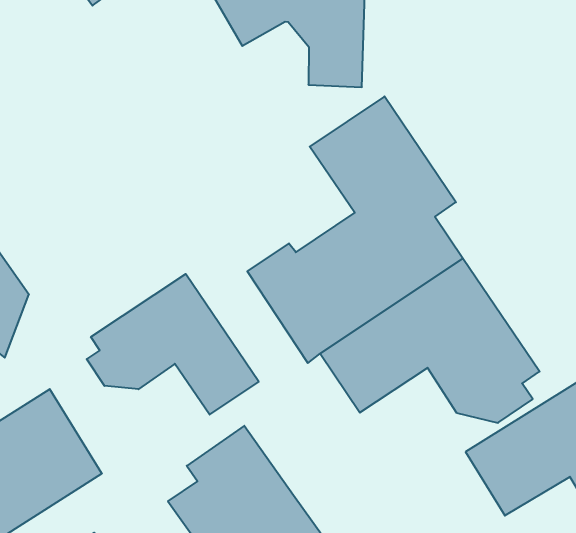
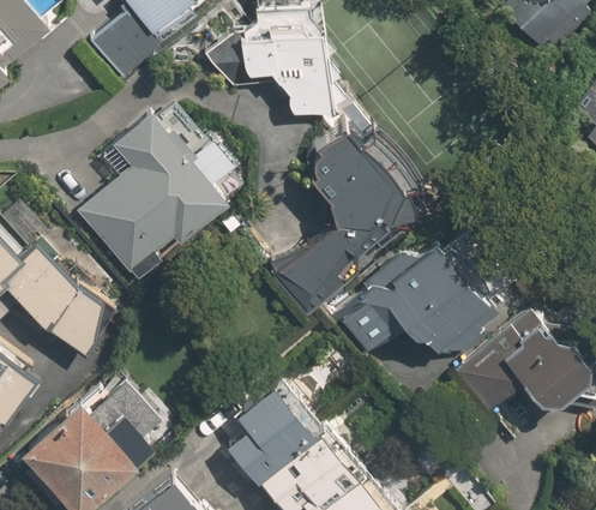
building: none -> [78,107,212,274]
building: [87,274,259,415] -> none

